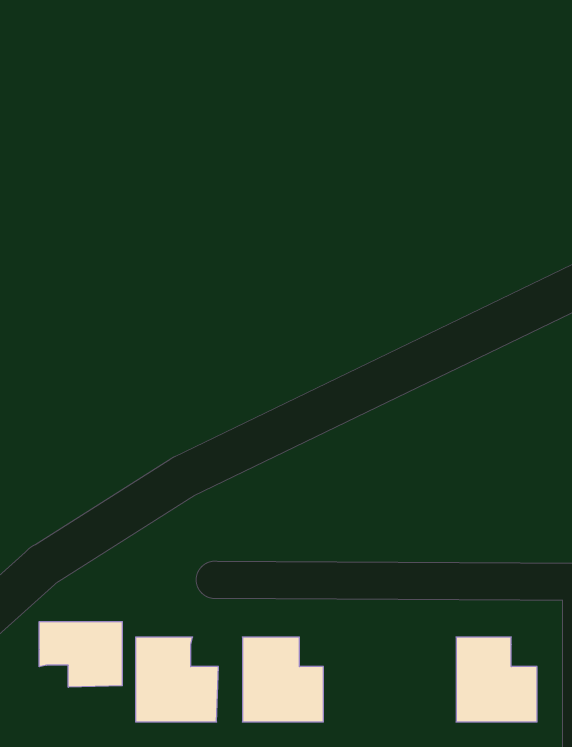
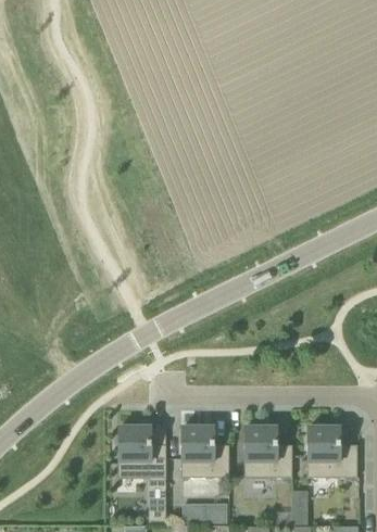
building: [39,622,122,687] -> none
building: none -> [243,425,291,474]

